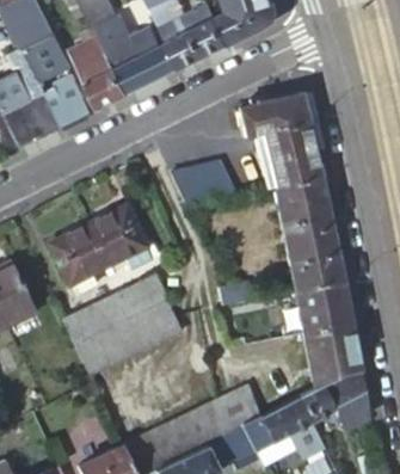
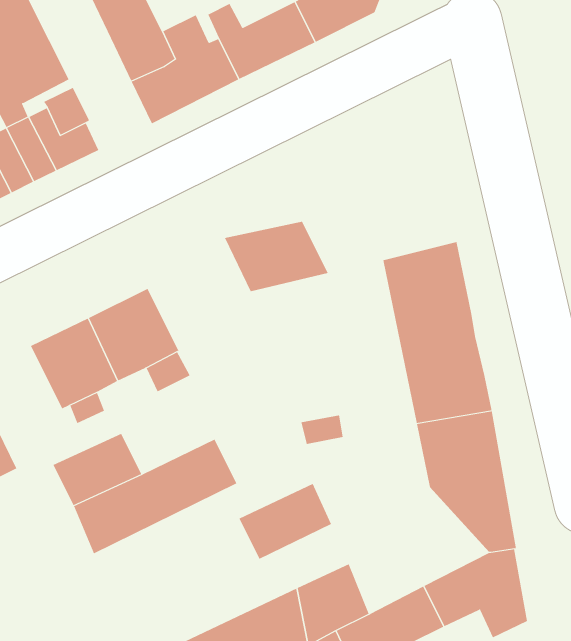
building: [78,38,124,110] -> none
building: [239,92,320,186] -> none
building: [105,273,165,322] -> [239,483,332,560]

